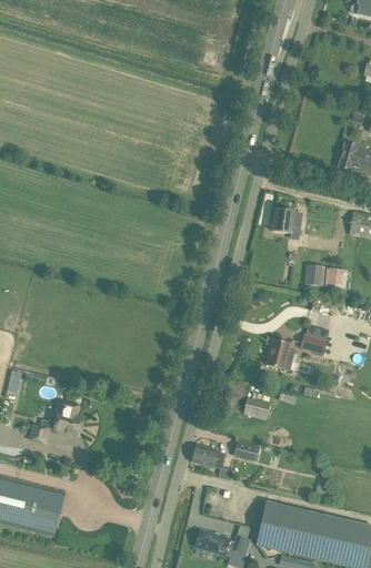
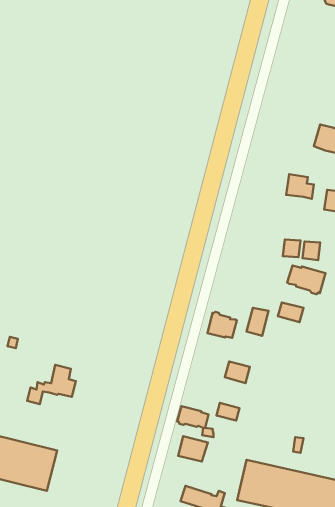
building: [272,207,302,234] -> [286,174,314,199]
building: none -> [287,265,325,294]
building: none -> [207,312,237,338]
building: none -> [178,436,208,462]

